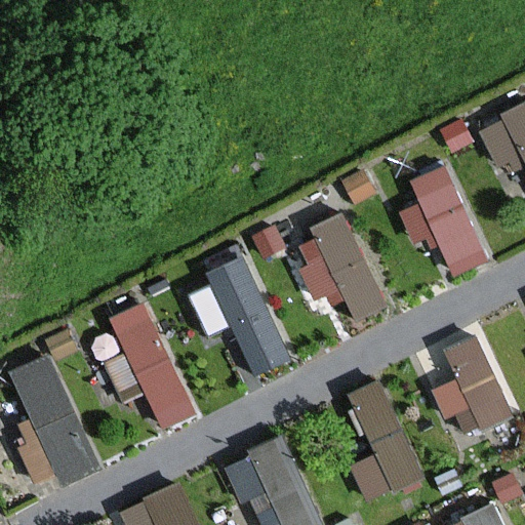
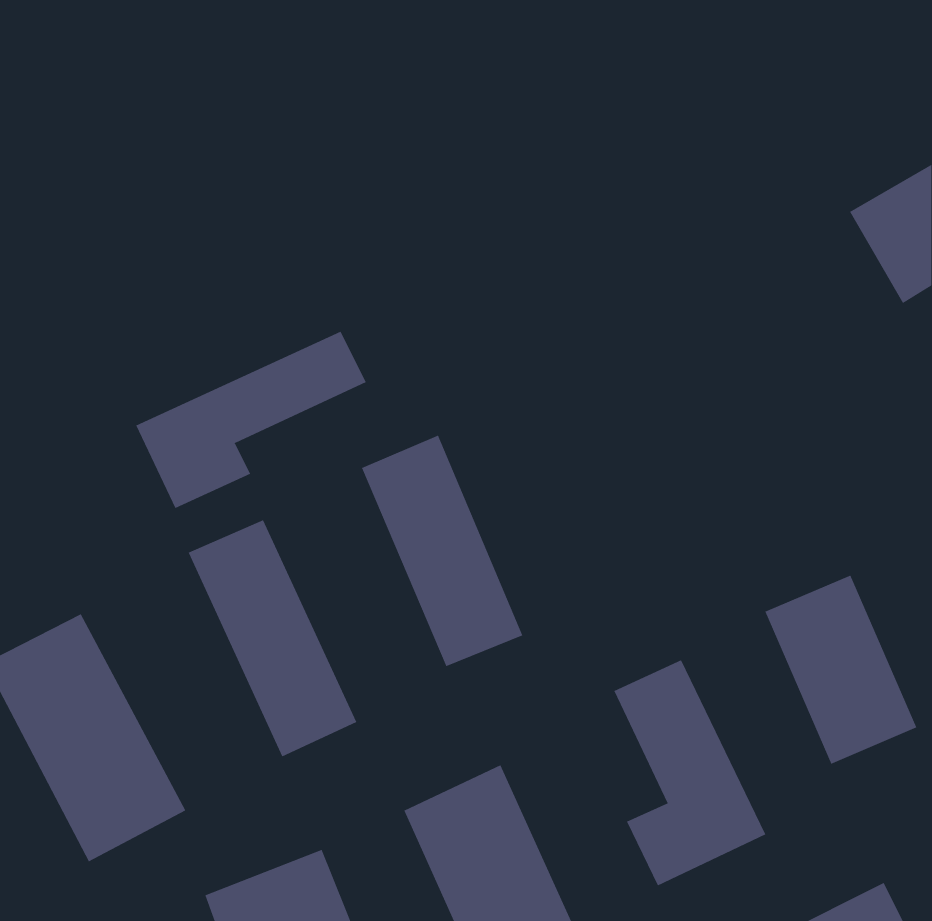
building: [402,175,489,283] -> none
building: none -> [135,331,367,509]
building: [290,213,386,329] -> none

